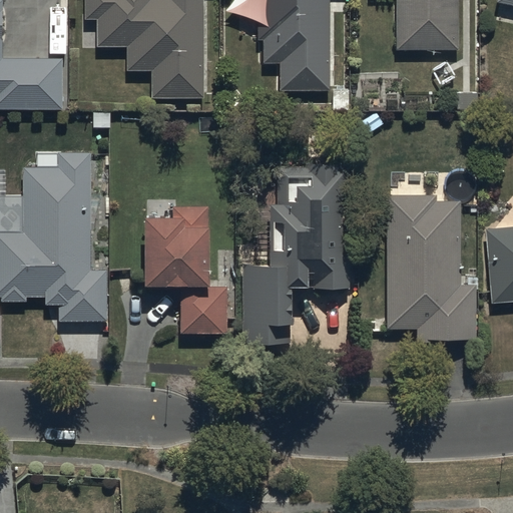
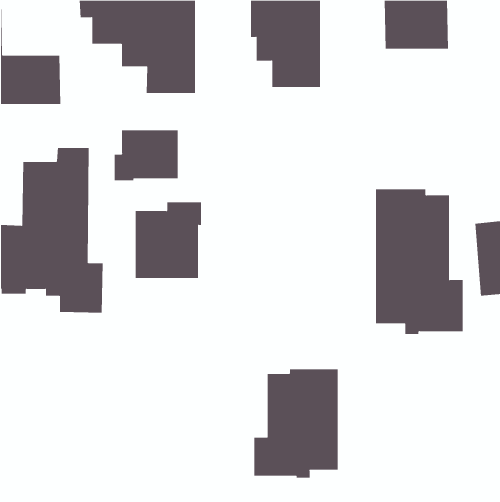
building: none -> [114,129,178,181]
building: [241,164,348,344] -> none
building: [179,285,227,333] -> none
building: none -> [254,369,338,479]

